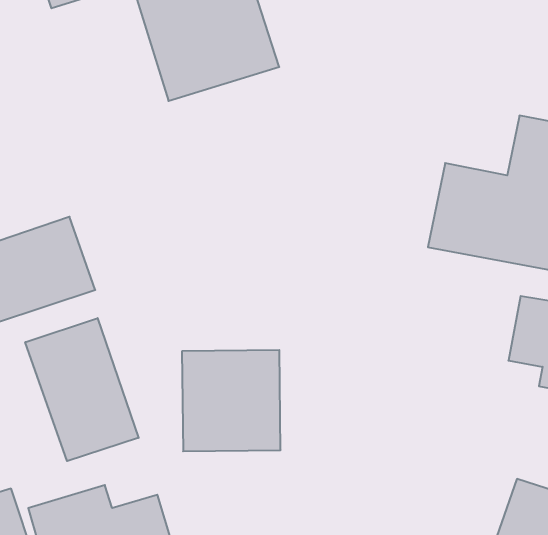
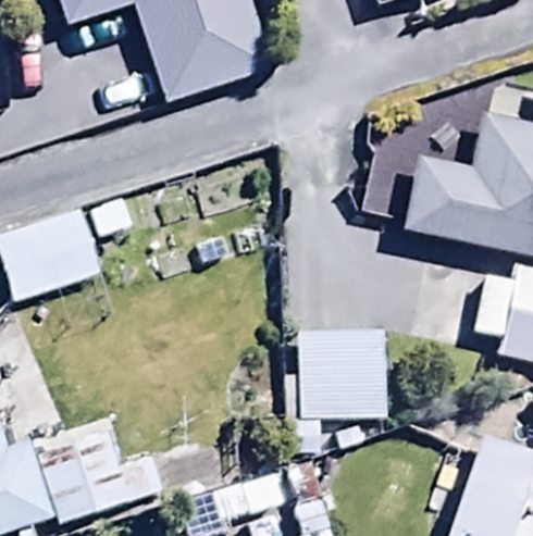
building: [25,318,139,461] -> none
building: [182,350,281,451] -> [298,327,386,417]

